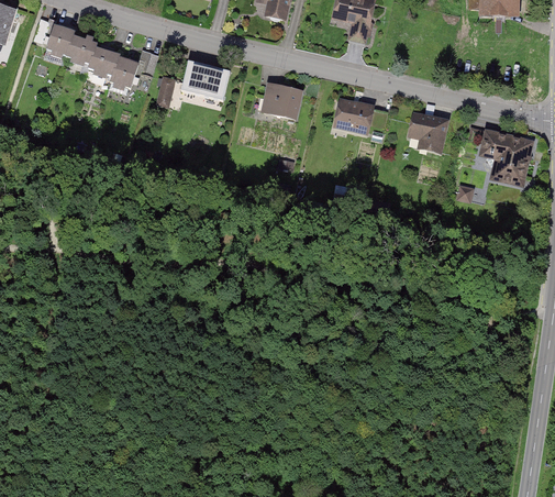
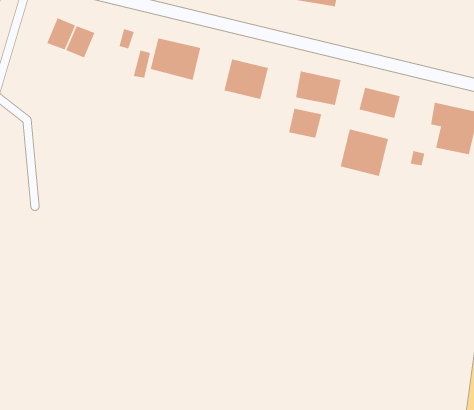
building: [42,29,74,65] -> none
building: [103,53,135,89] -> none
building: none -> [288,108,322,138]
building: none -> [340,129,389,177]

